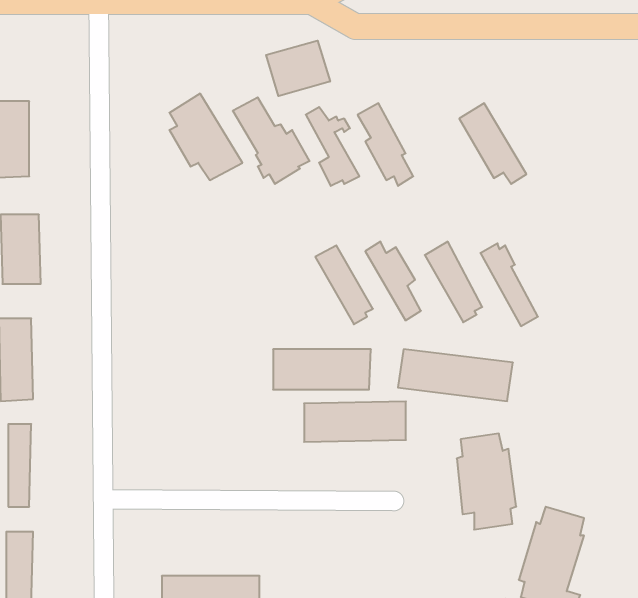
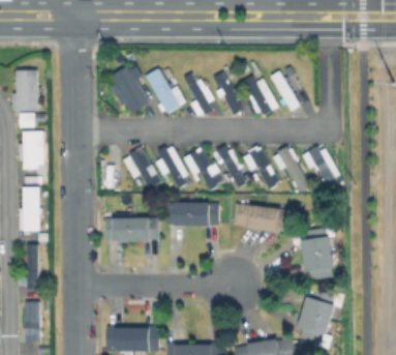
building: [266,41,330,96] -> none
building: none -> [244,75,273,115]
building: none -> [157,145,186,187]
building: none -> [122,146,162,188]
building: none -> [307,146,340,188]
building: [304,401,406,442] -> [104,217,159,239]
building: [457,434,516,530] -> [302,227,334,278]

